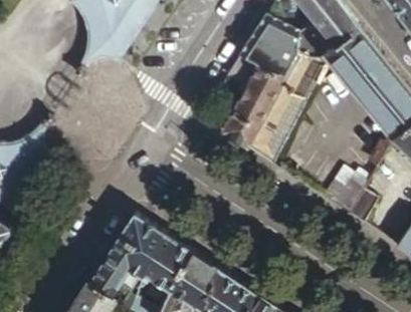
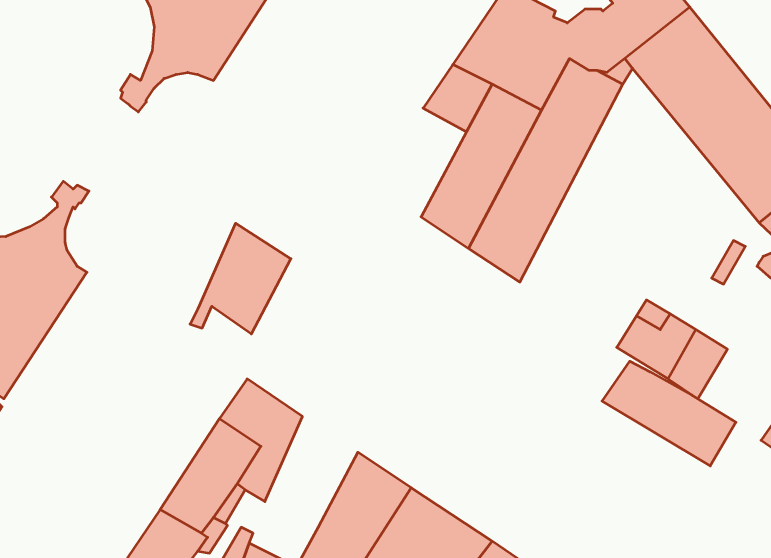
building: none -> [602,361,736,466]
building: [139,235,190,291] -> [190,223,291,334]

